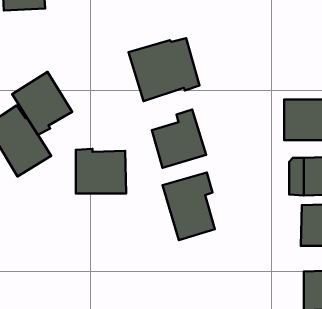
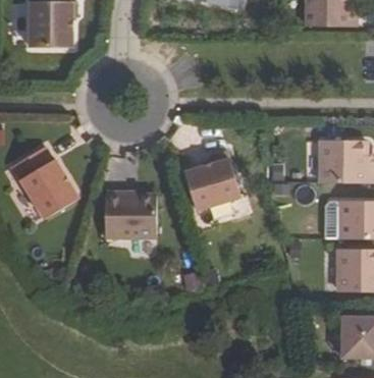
building: [129,38,200,101] -> none
building: [12,72,72,135] -> none
building: [162,173,215,240] -> none

